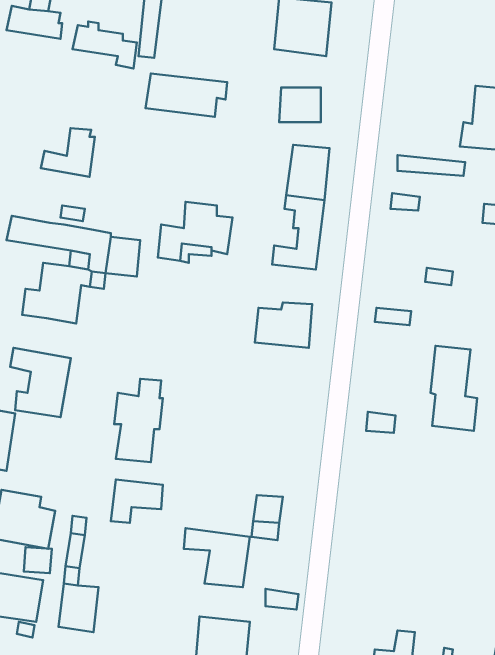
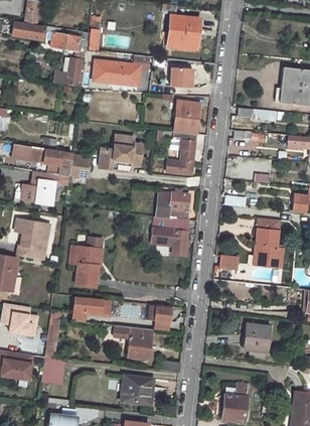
building: [41,128,95,177] -> [52,58,84,87]
building: none -> [151,216,188,254]
building: none -> [244,324,269,351]

